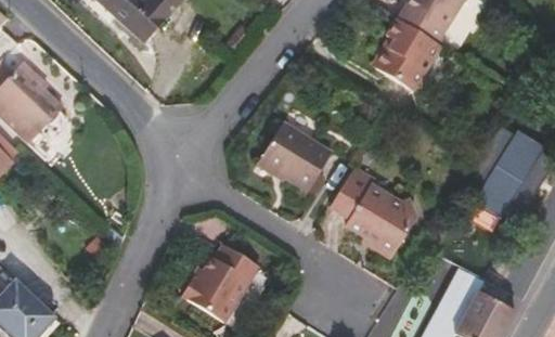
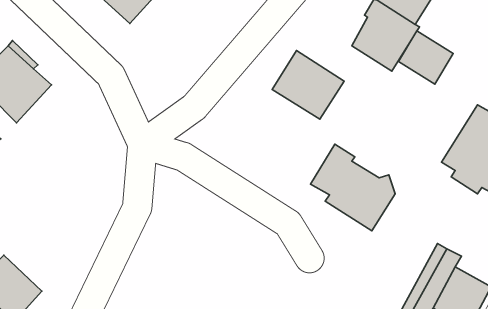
building: none -> [399,31,453,84]
building: [259,120,333,191] -> [272,50,344,119]
building: [182,243,259,322] -> none

